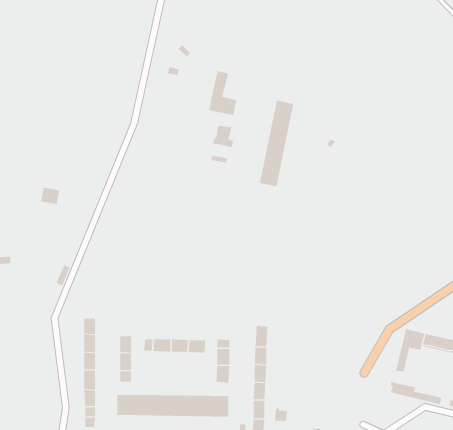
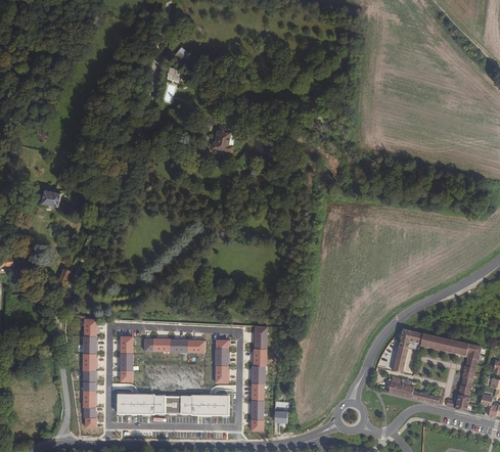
building: [209,70,237,116] -> none
building: [259,100,294,187] -> none

